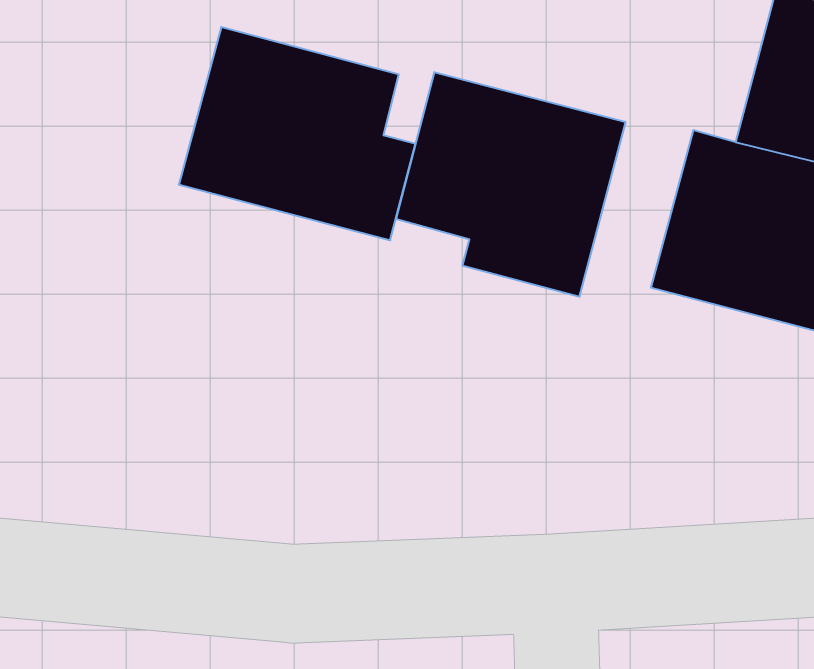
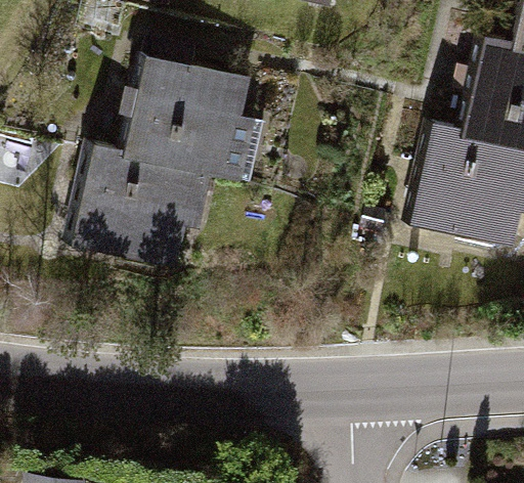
building: [396,72,625,297] -> none
building: none -> [70,143,217,271]

